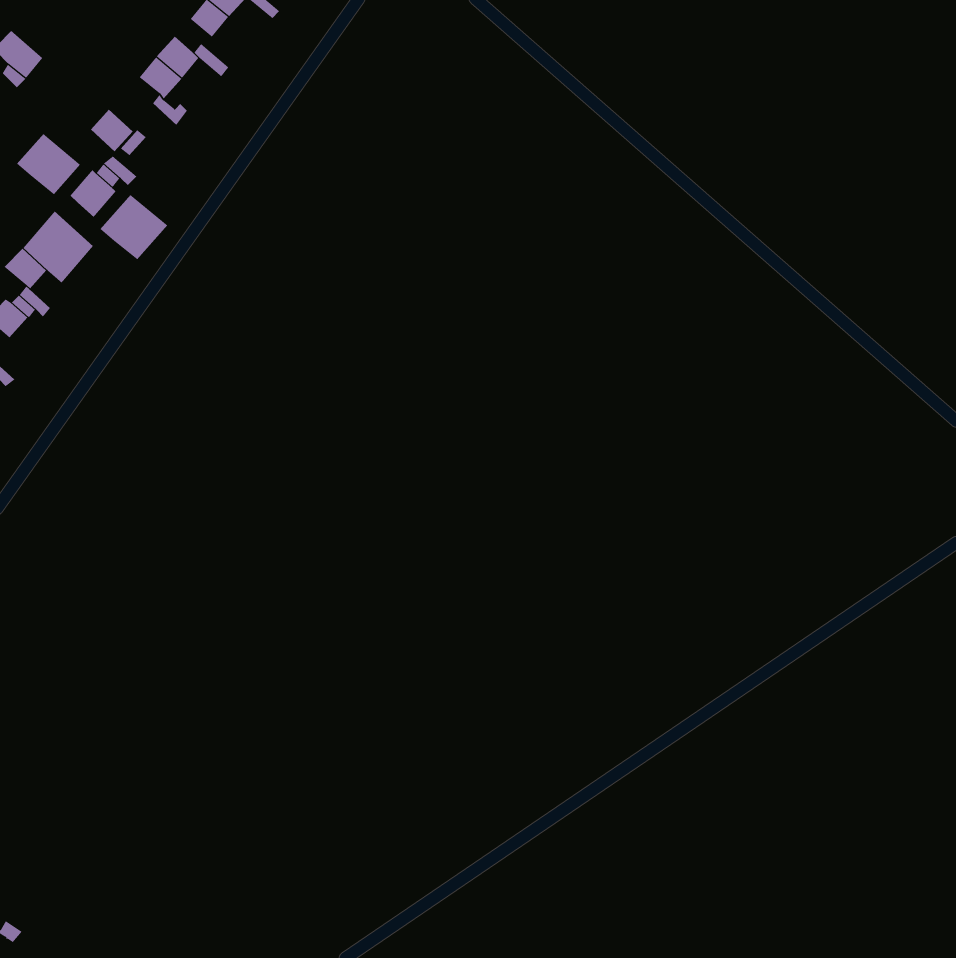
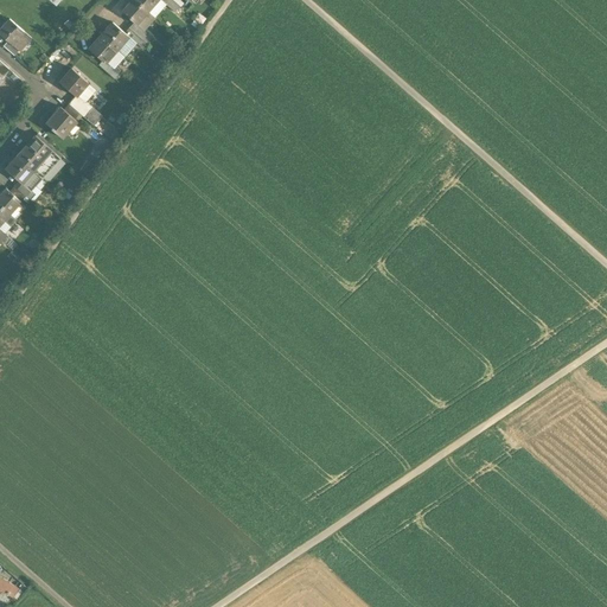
building: [16,133,81,195] -> none
building: [100,194,168,260] -> none

